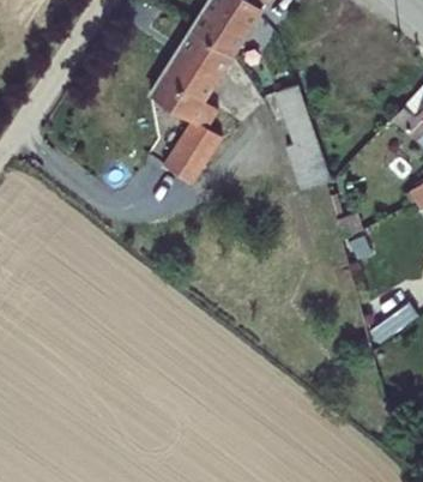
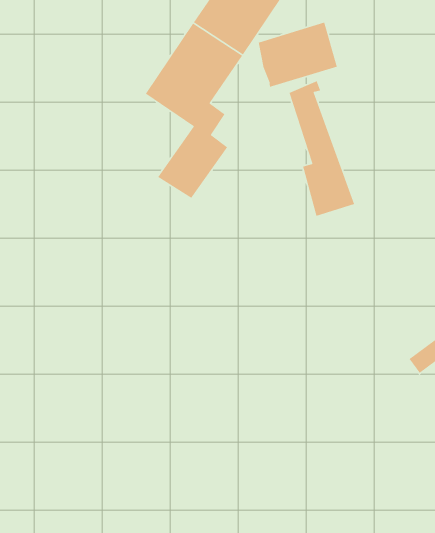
building: none -> [258,21,338,88]

